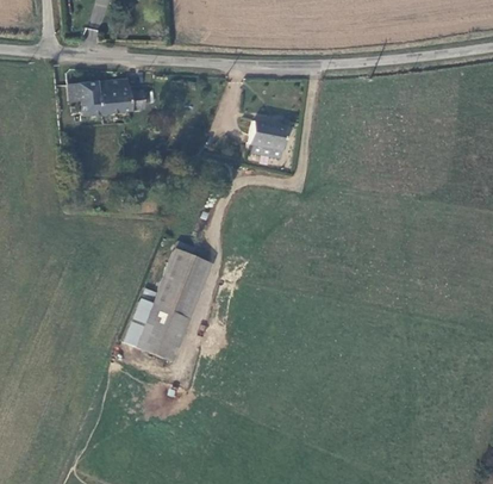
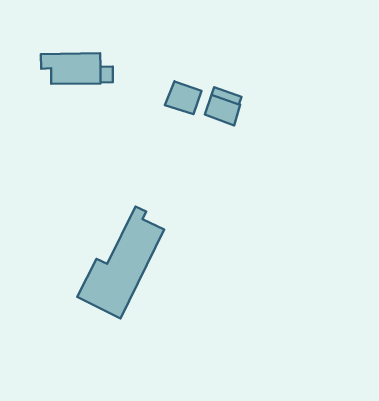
building: none -> [165,81,202,114]

